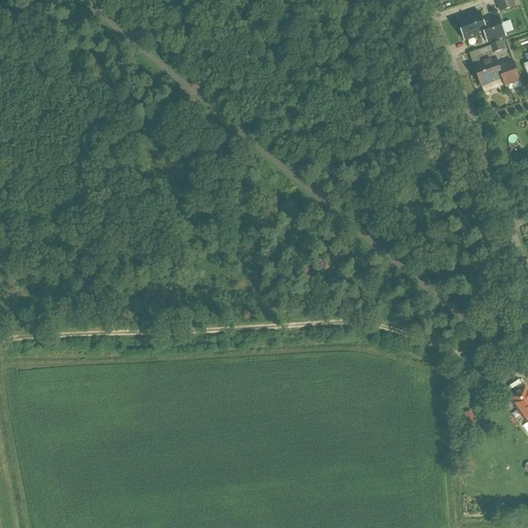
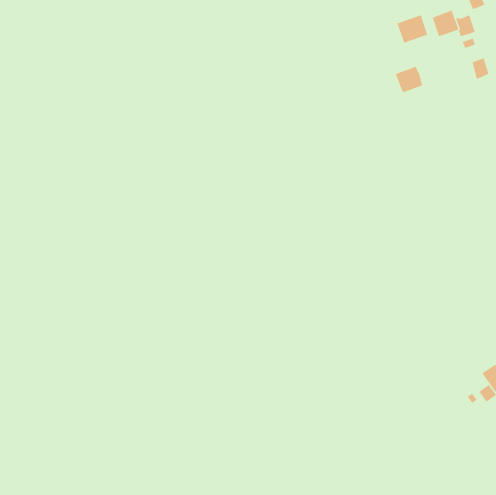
building: none -> [397,14,428,44]
building: [474,57,504,86] -> [395,66,423,93]

